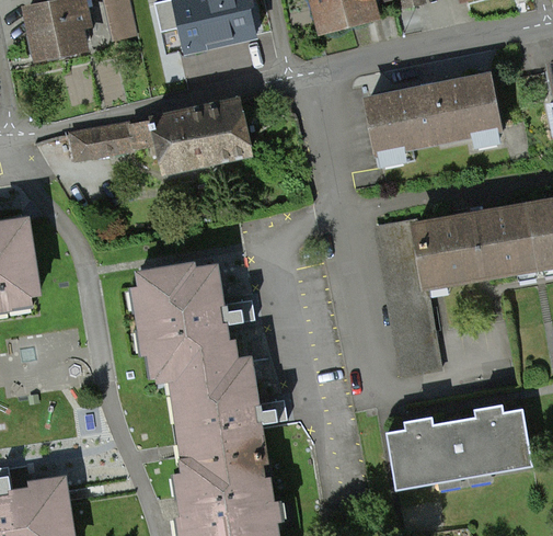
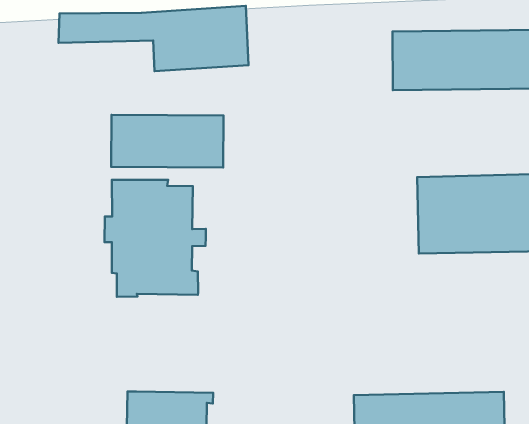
building: none -> [111,115,223,167]
building: [378,227,437,374] -> none
building: [177,358,267,458] -> none

